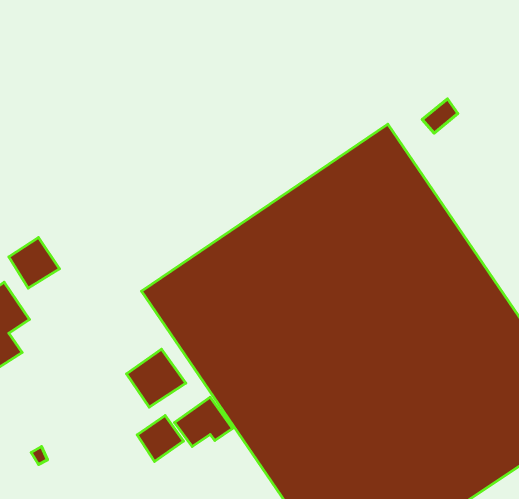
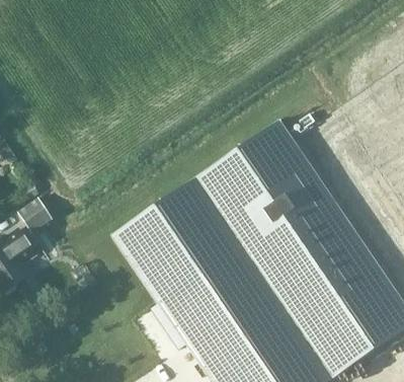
building: [127,349,186,407] -> none
building: [137,416,183,462] -> none

